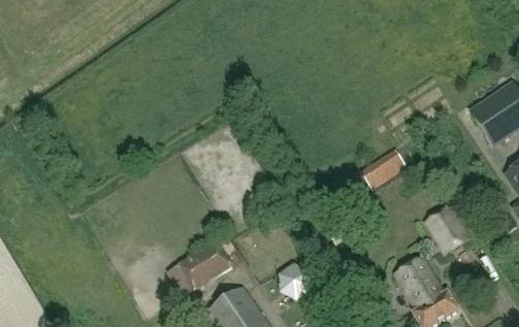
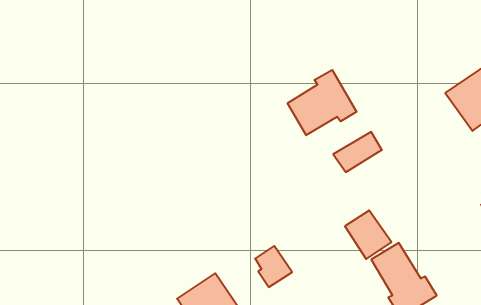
building: none -> [288,70,357,135]
building: [424,203,469,251] -> [345,210,391,259]
building: [170,240,238,295] -> none

